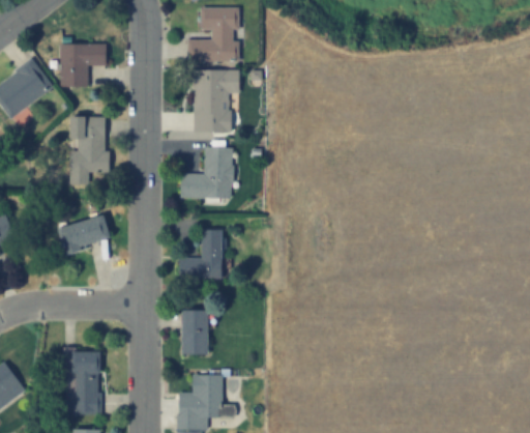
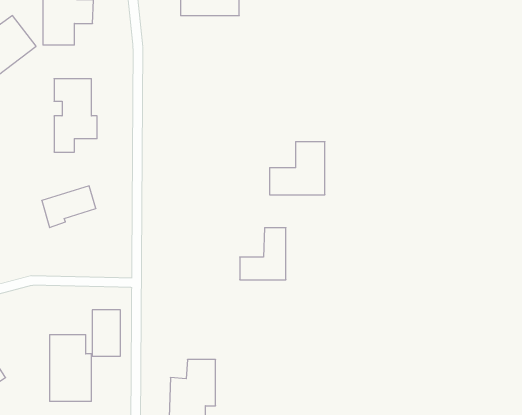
building: [194,70,239,129] -> none
building: [181,149,232,198] -> [270,142,325,195]
building: [179,231,222,279] -> [240,228,286,280]
building: [181,310,207,352] -> [92,310,120,356]

